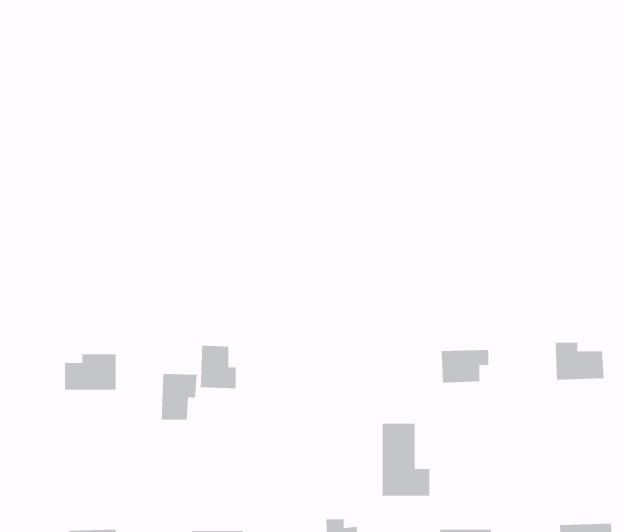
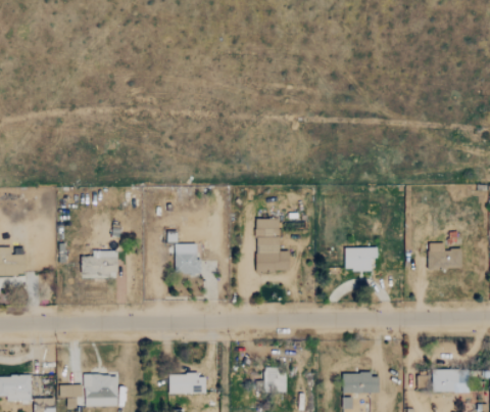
building: [161,373,197,420] -> none
building: [382,423,430,496] -> [257,220,291,271]

